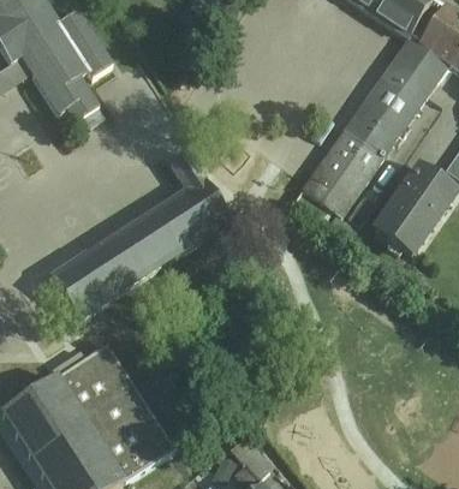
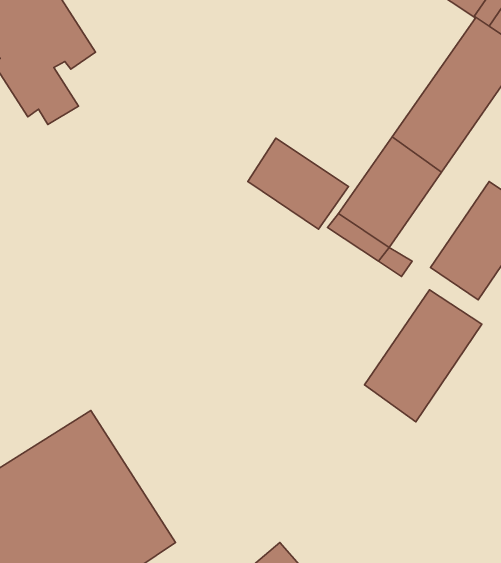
building: none -> [248,138,349,229]
building: [52,150,228,317] -> none
building: none -> [365,290,482,422]

